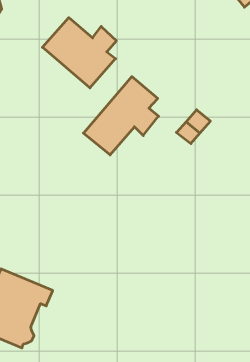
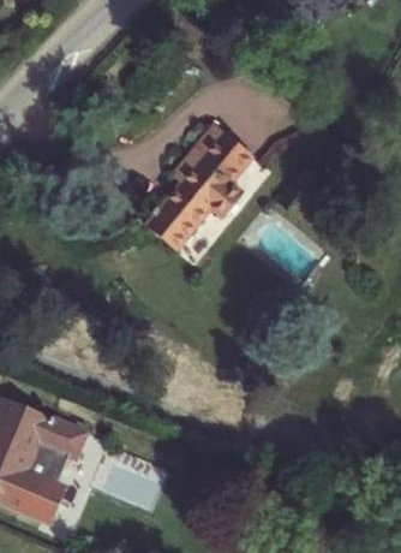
building: [42,18,116,88] -> none

